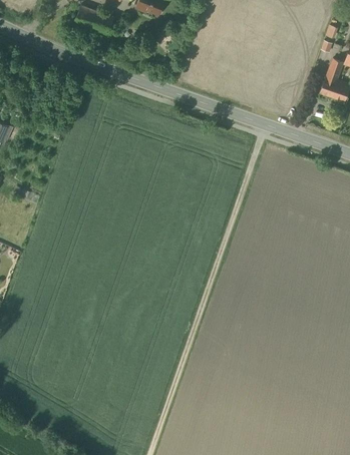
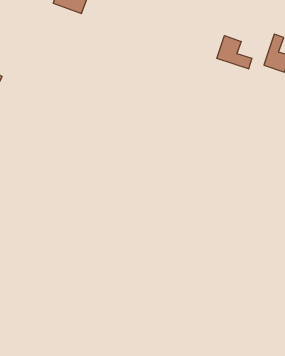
building: none -> [217,36,252,69]

